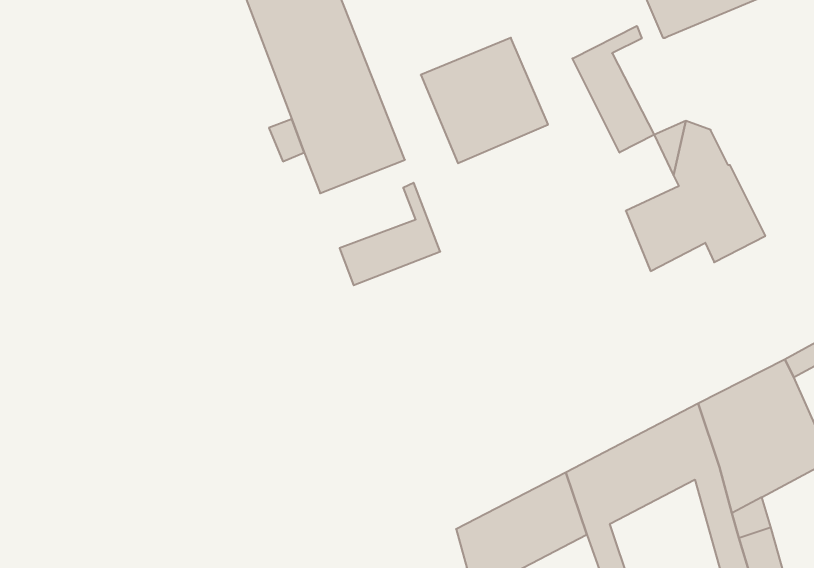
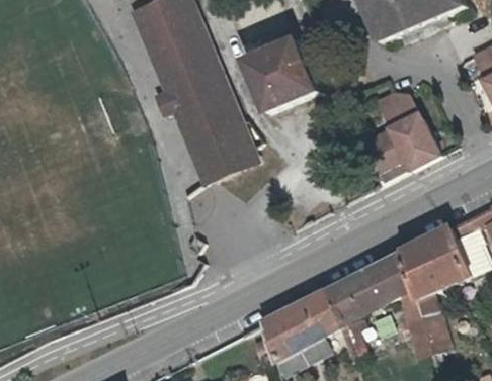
building: [572,26,654,153] -> none
building: none -> [184,109,239,160]

